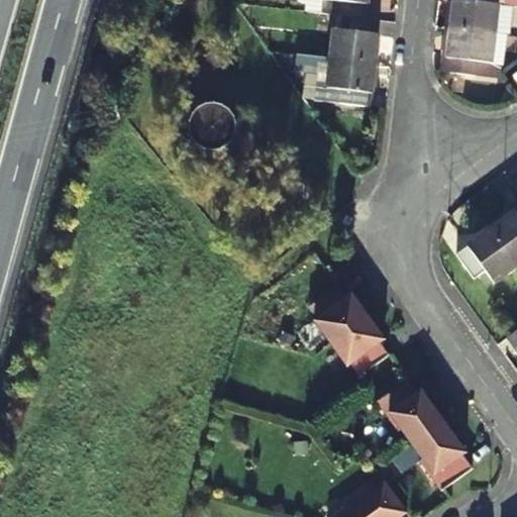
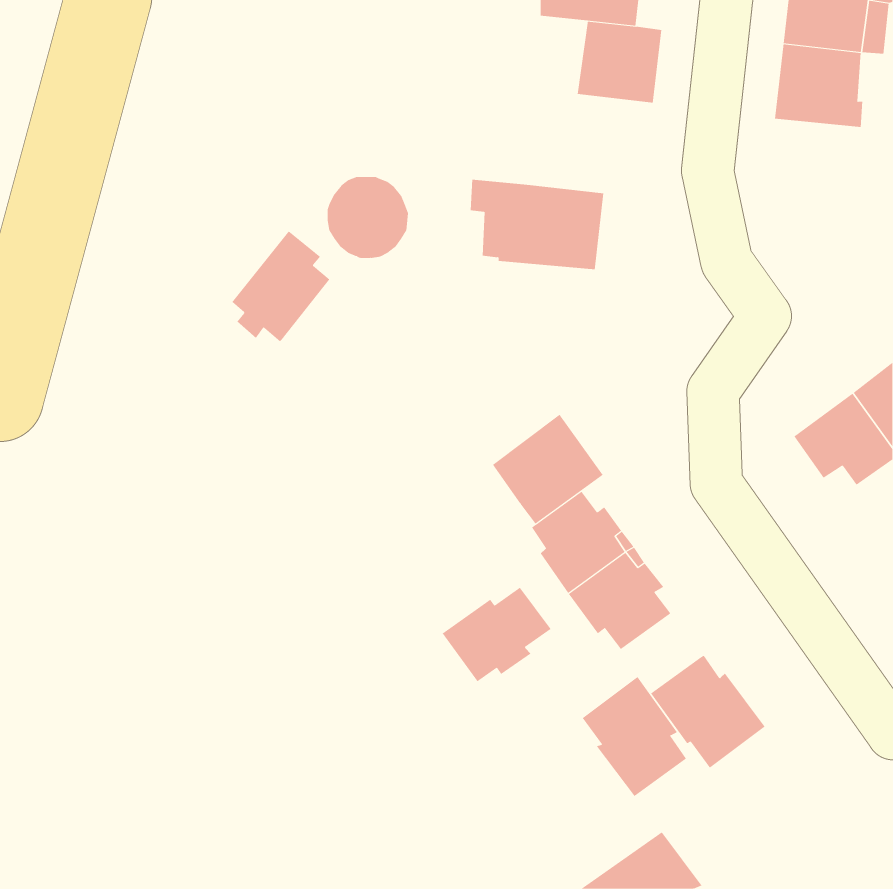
building: [300,51,378,104] -> [470,179,604,270]
building: none -> [231,230,330,342]
building: none -> [492,414,603,524]
building: none -> [442,587,551,682]
building: [410,420,471,490] -> [582,676,687,797]

